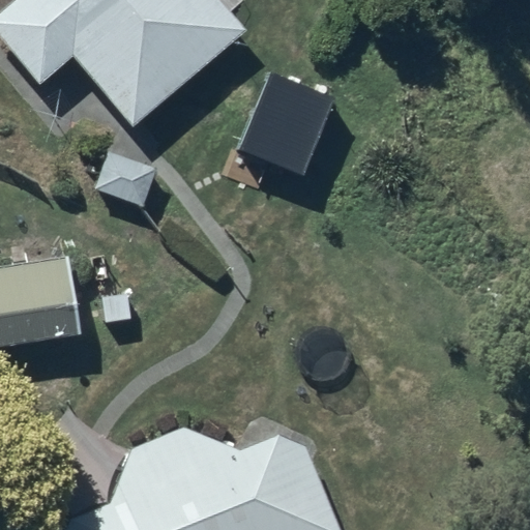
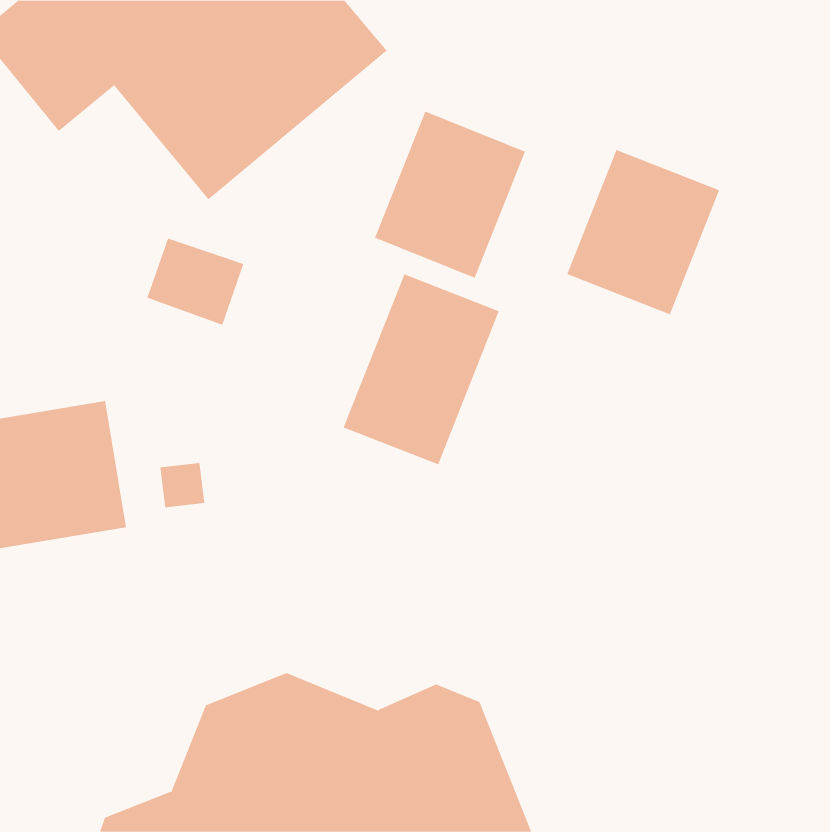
building: none -> [566,149,720,315]
building: none -> [343,274,500,465]

